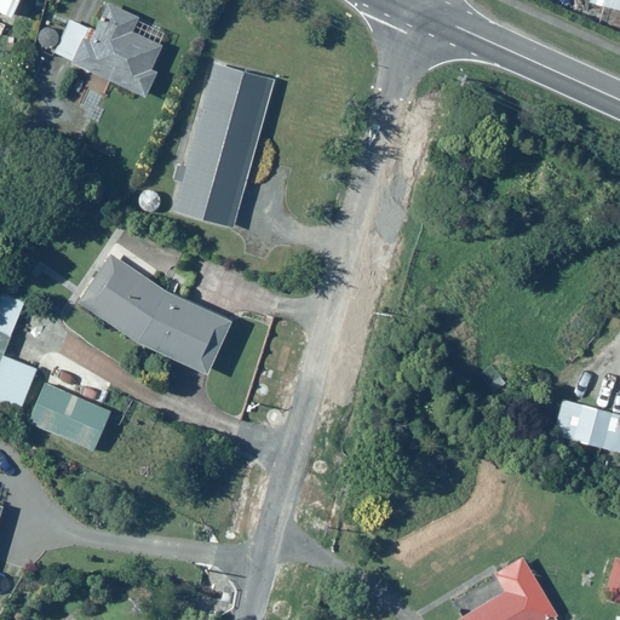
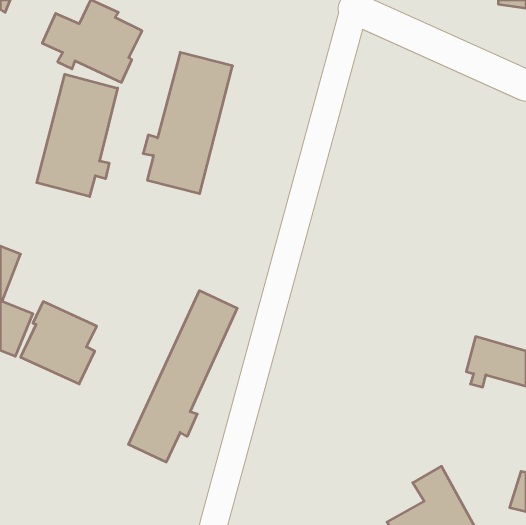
building: none -> [37,74,118,197]
building: [76,248,234,377] -> none
building: none -> [128,291,237,462]

